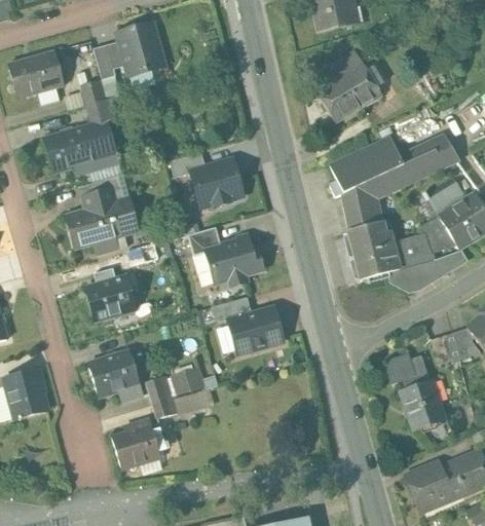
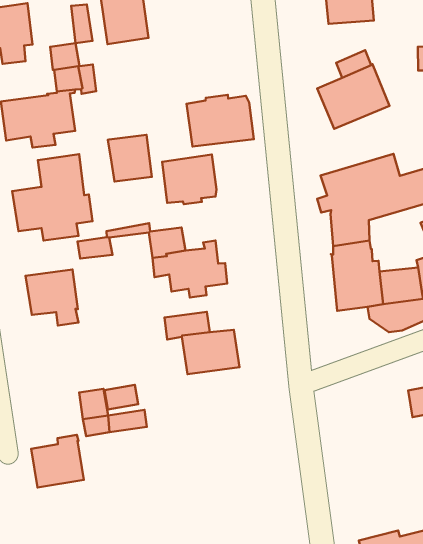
building: none -> [186,95,254,146]
building: none -> [108,135,152,181]
building: [89,350,139,396] -> none
building: [388,355,443,429] -> none

